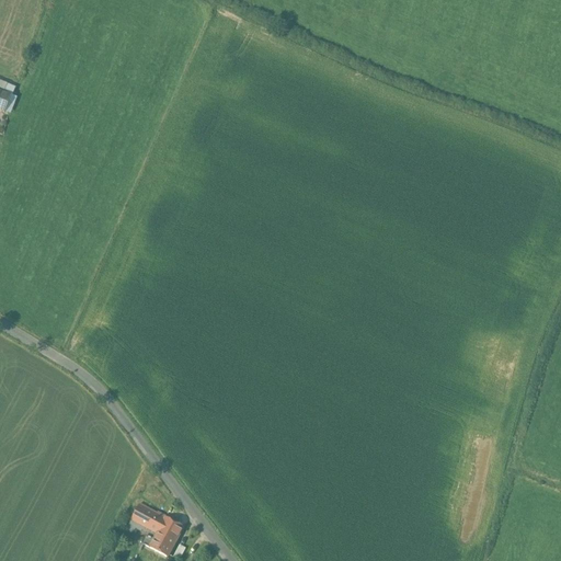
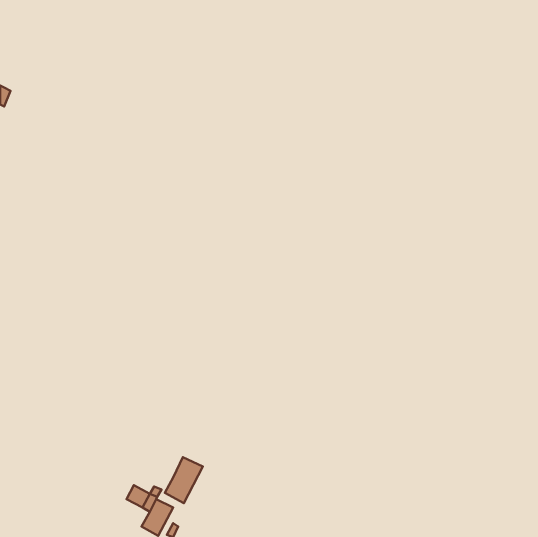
building: none -> [165,457,203,503]

